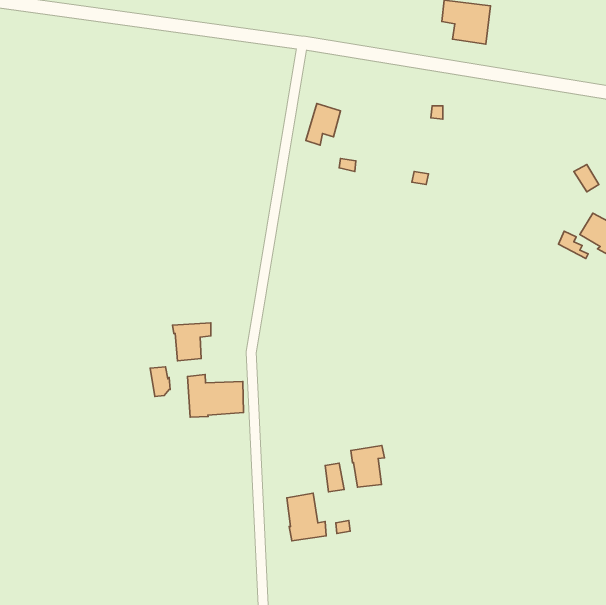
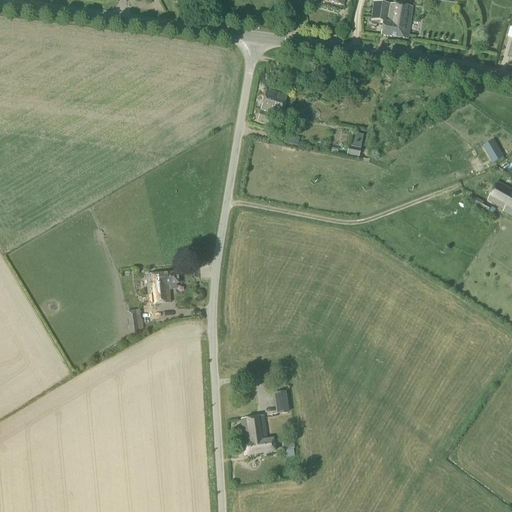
building: [188,375,243,417] -> none
building: [351,446,385,487] -> none

